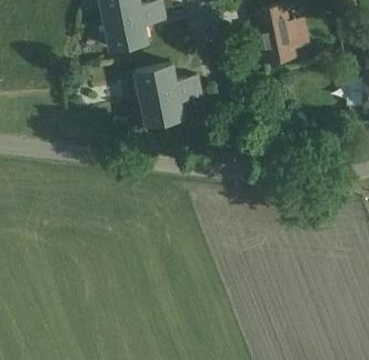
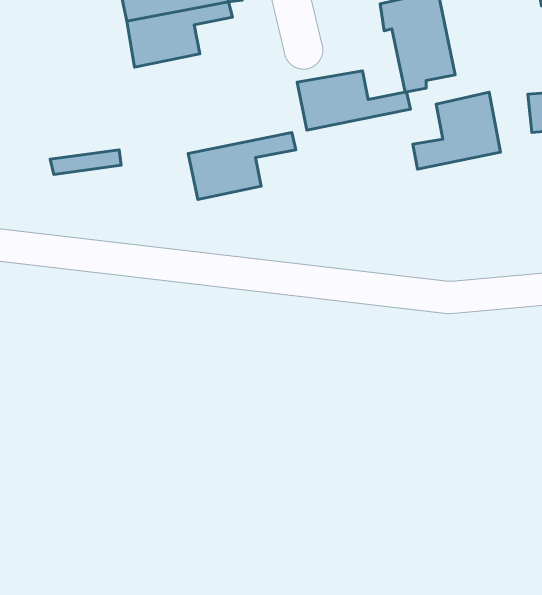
building: none -> [413,92,501,169]
building: [134,63,200,98] -> [297,71,410,130]

